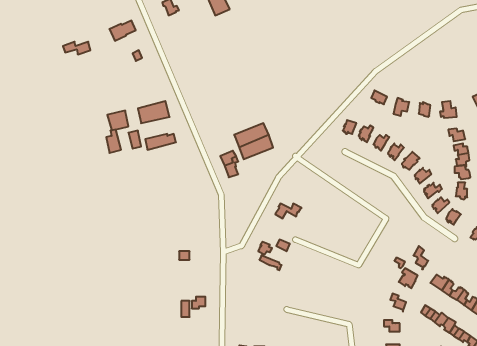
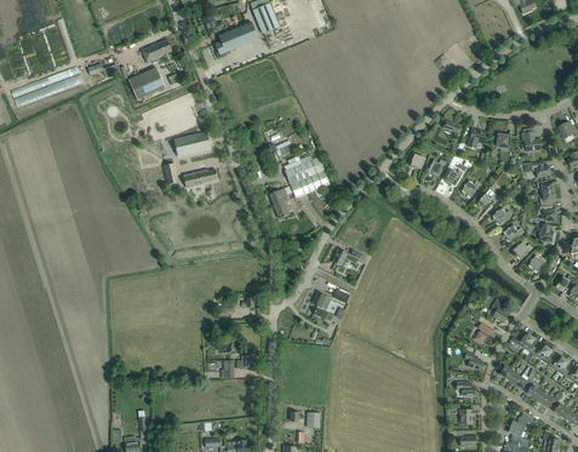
building: none -> [214,22,259,55]
building: none -> [128,65,165,99]

